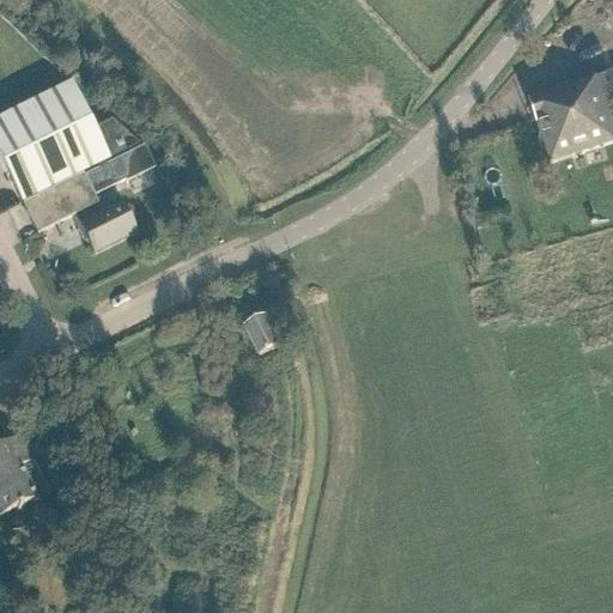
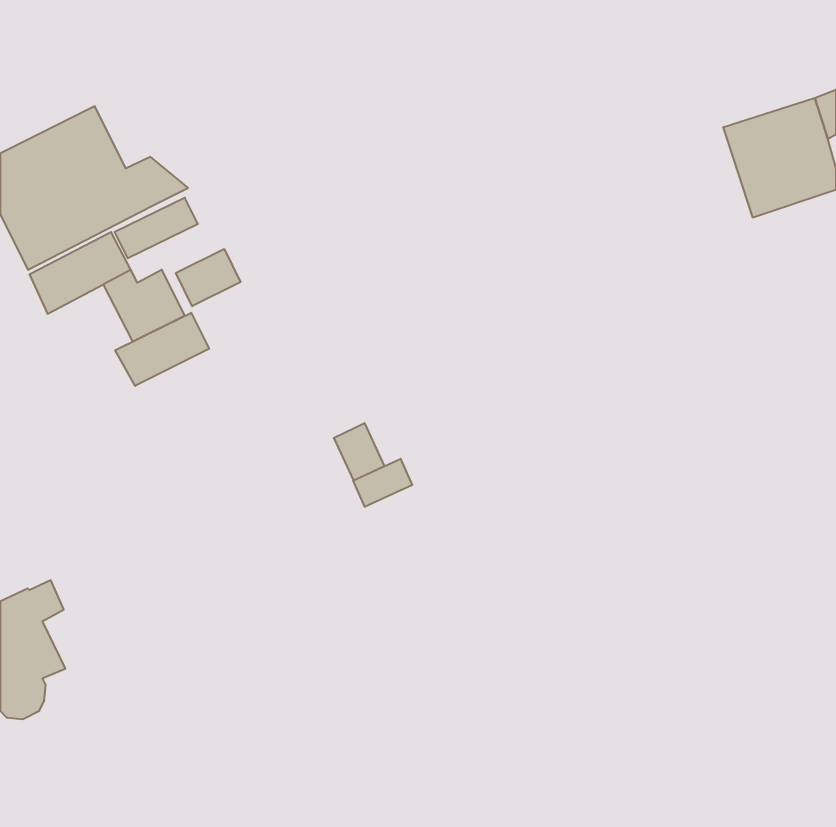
building: none -> [176,249,240,306]
building: none -> [115,313,209,386]
building: none -> [353,459,412,507]

